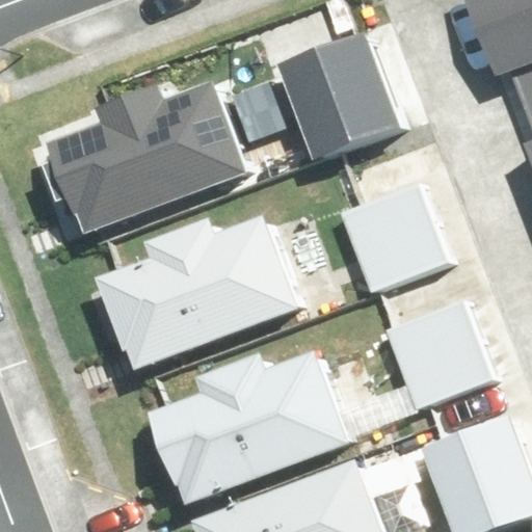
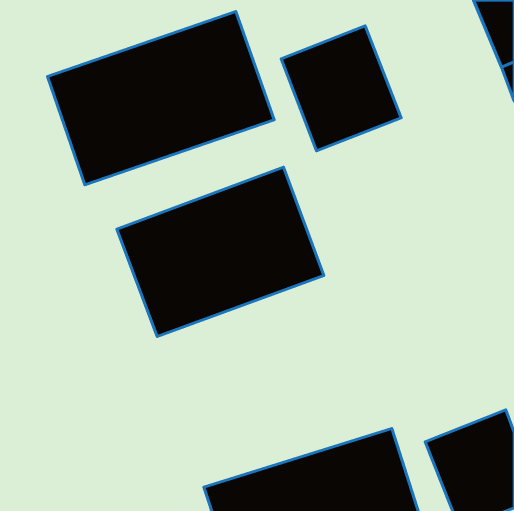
building: [338,196,445,305] -> none
building: [387,316,491,413] -> none
building: [162,325,377,493] -> none

